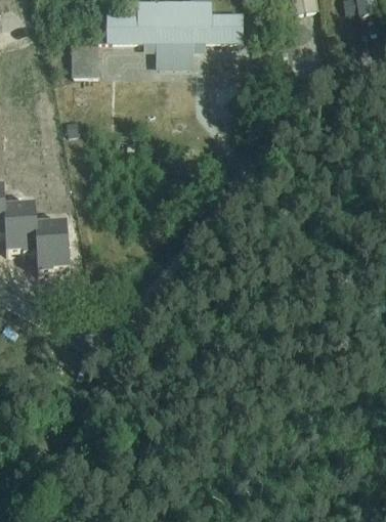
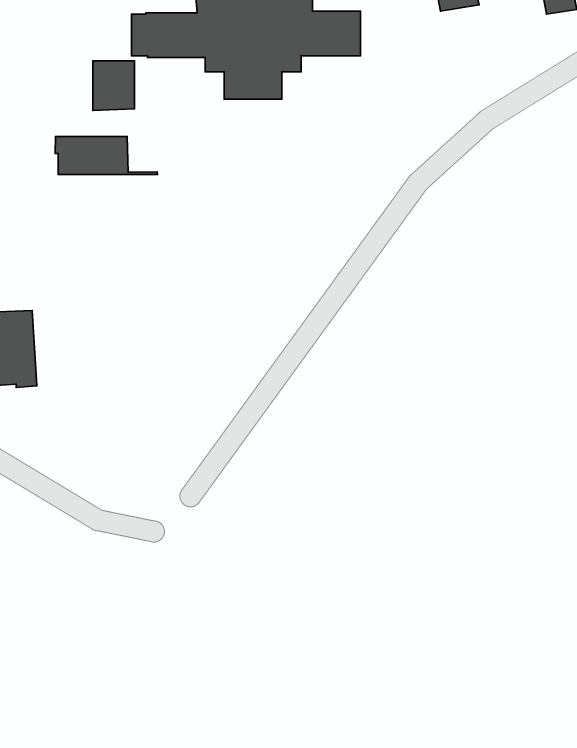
building: none -> [55,136,158,175]
building: [32,202,69,271] -> none

